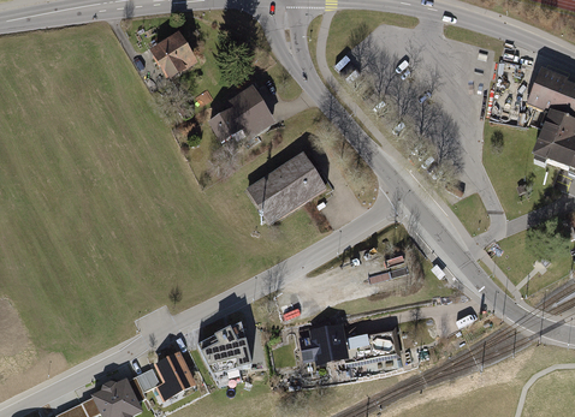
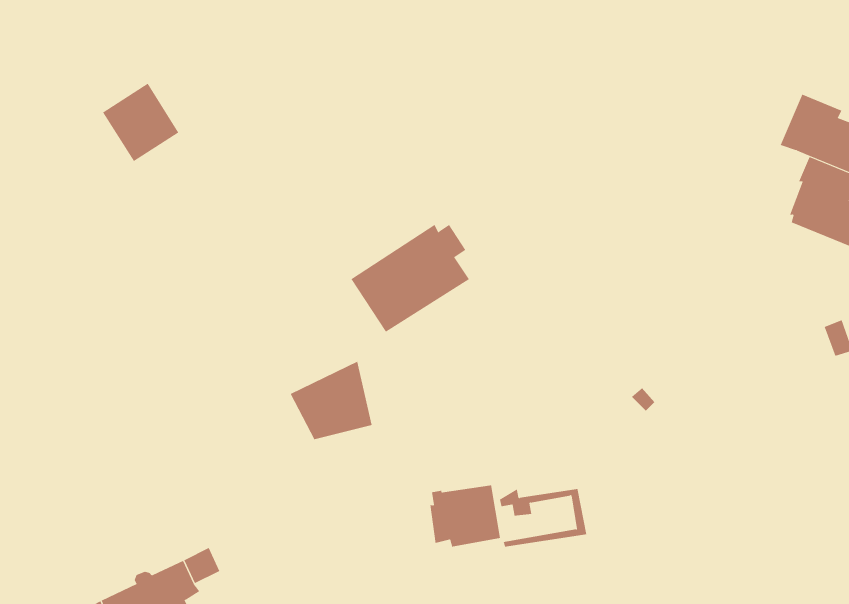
building: [147,31,197,83] -> [102,83,179,162]
building: [206,85,274,143] -> none
building: [198,321,253,373] -> [290,361,372,440]
building: [159,352,195,394] -> none

